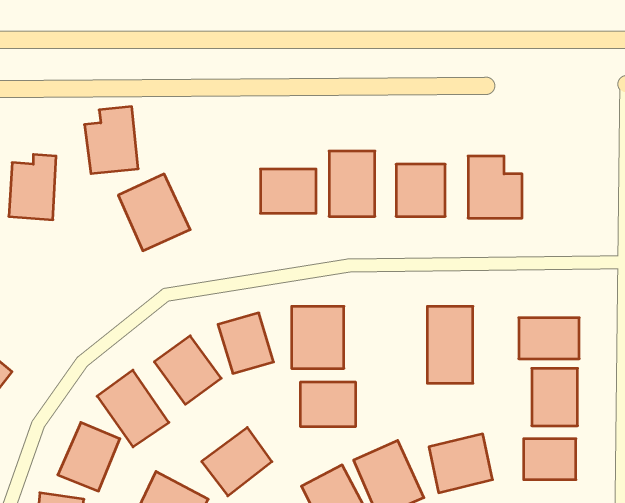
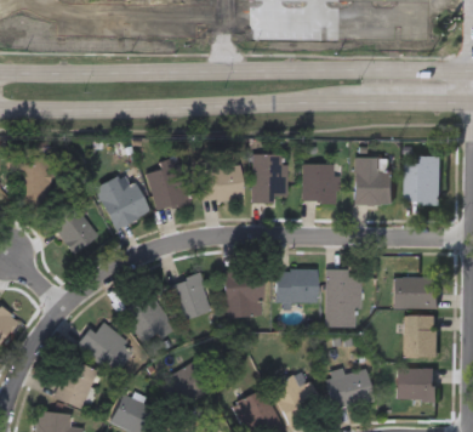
building: [84,107,138,174] -> [148,159,188,209]
building: none -> [405,158,439,206]
building: none -> [50,205,98,255]
building: [300,382,356,426] -> [275,271,317,303]

